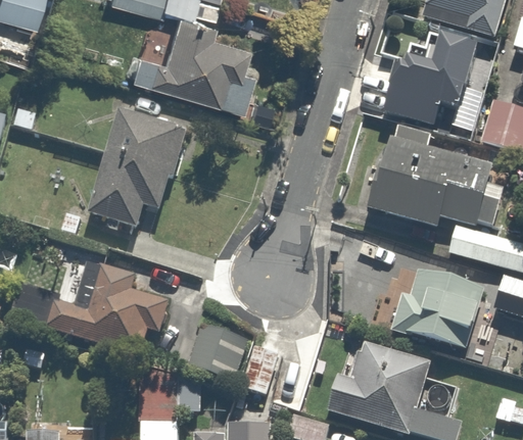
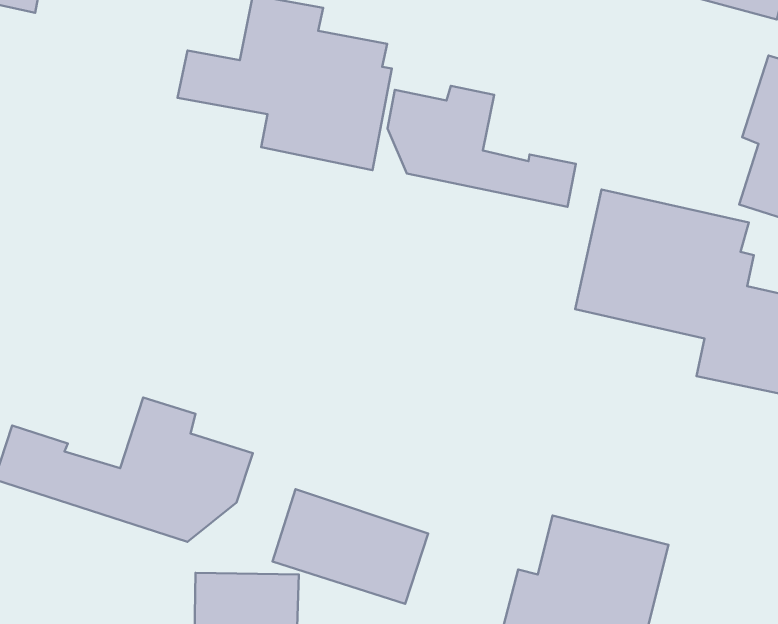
building: [380,34,488,132] -> none
building: none -> [387,86,576,207]
building: [87,109,183,228] -> none
building: [388,268,489,351] -> none

